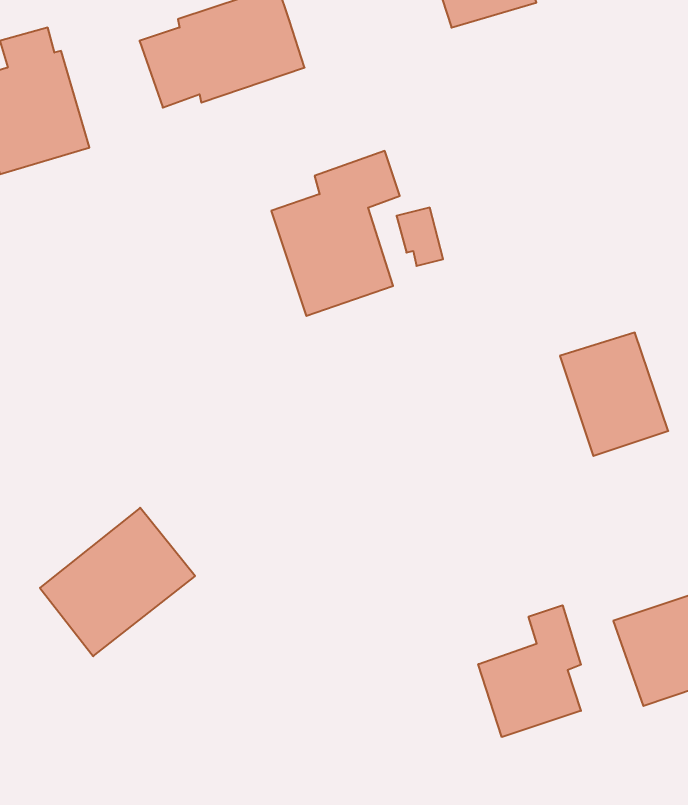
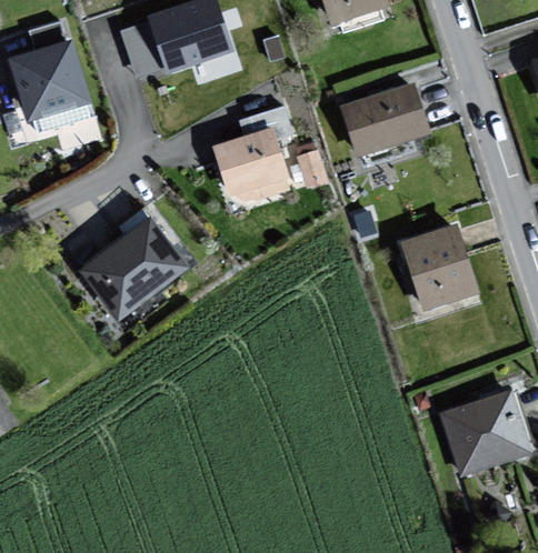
building: none -> [342,83,430,155]
building: [40,508,195,656] -> [82,220,186,319]
building: [478,605,581,737] -> none

